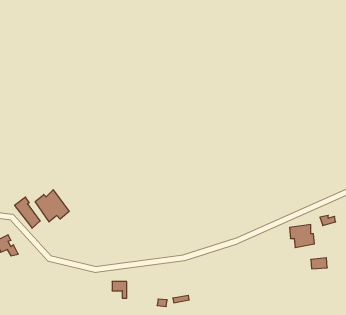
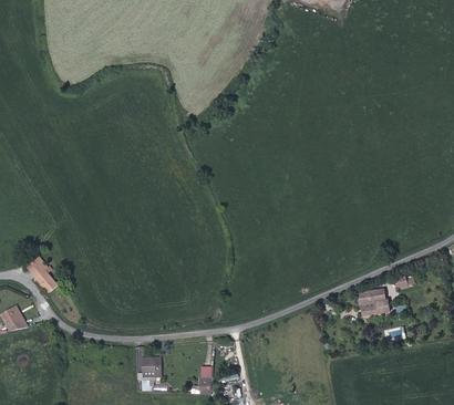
building: [35,190,69,222] -> none

